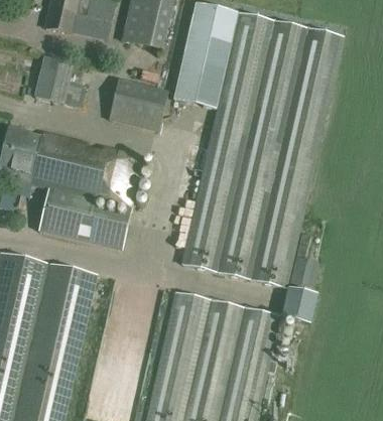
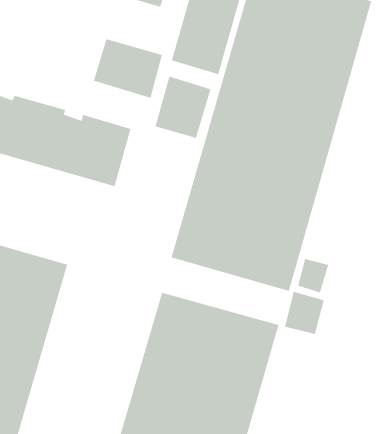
building: [34,56,85,107] -> none
building: none -> [154,76,211,139]
building: [40,188,129,249] -> none

